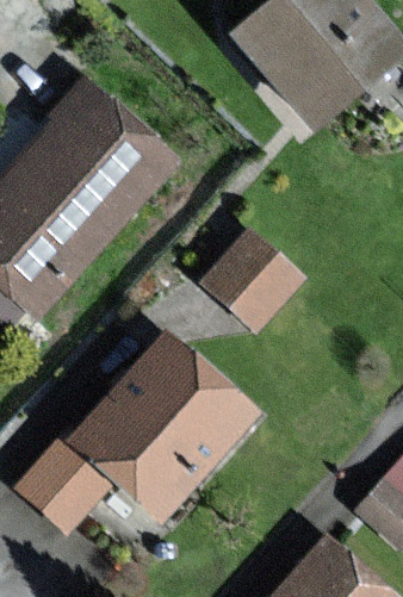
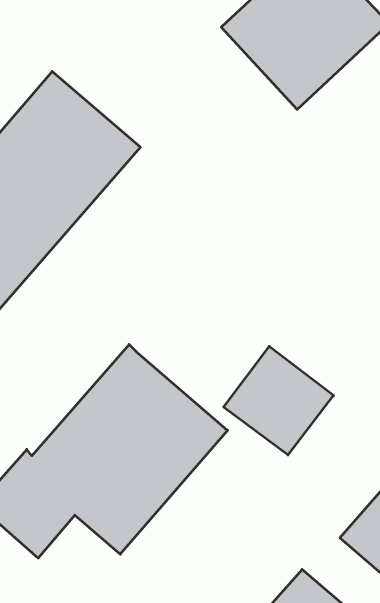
building: [199,230,303,332] -> [224,346,334,455]

